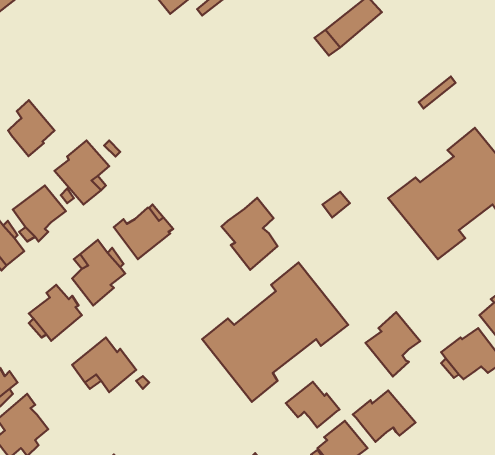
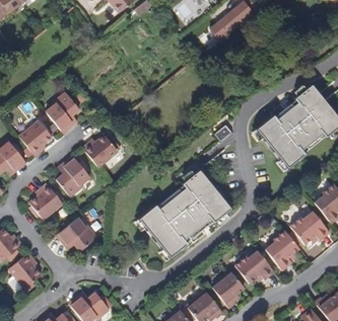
building: [8,100,55,156] -> none
building: [222,198,278,270] -> none
building: [366,312,420,376] -> [265,230,299,270]
building: [286,382,339,428] -> none

